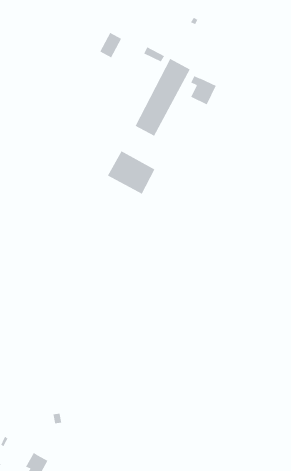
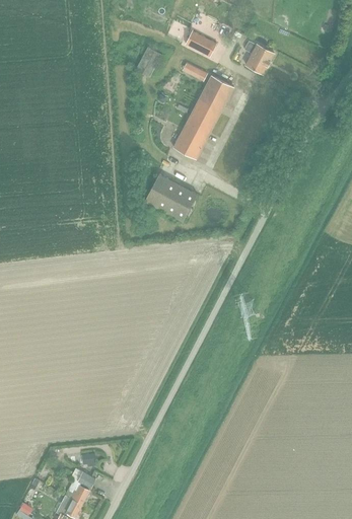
building: none -> [185,30,216,56]
building: [190,75,217,106] -> [244,40,273,72]
building: none -> [71,470,96,503]

